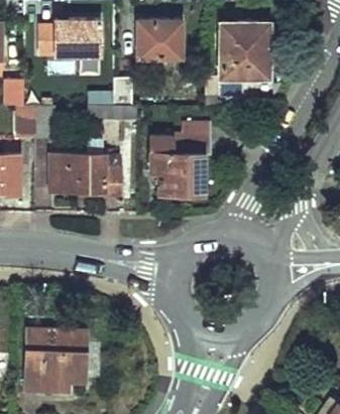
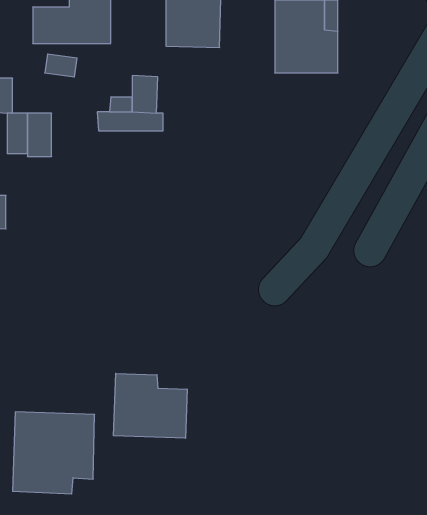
building: [149,122,210,194] -> none
building: [48,141,119,192] -> none
building: none -> [114,373,187,438]

